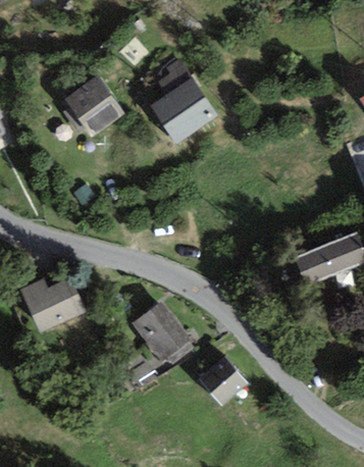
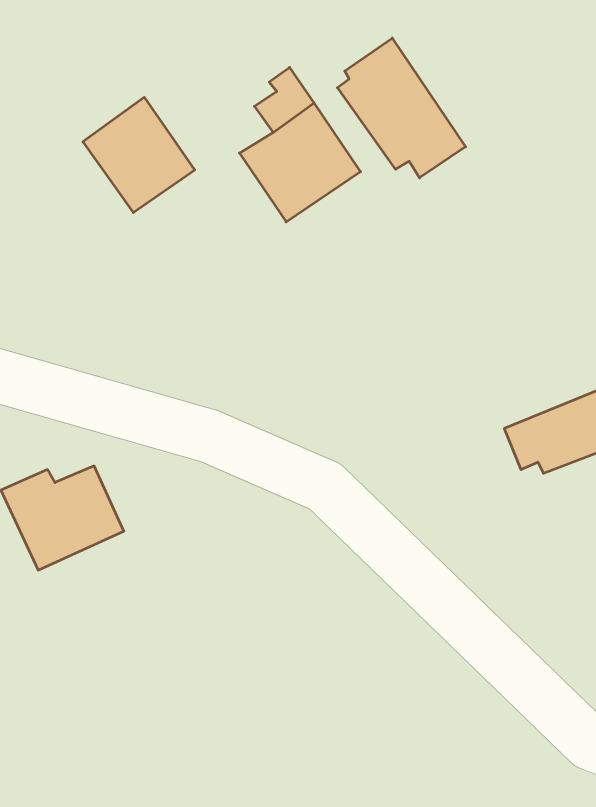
building: none -> [337,38,466,178]
building: [132,302,190,362] -> none
building: [198,357,248,407] -> none

